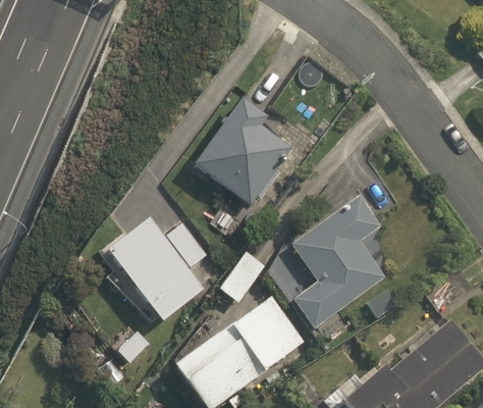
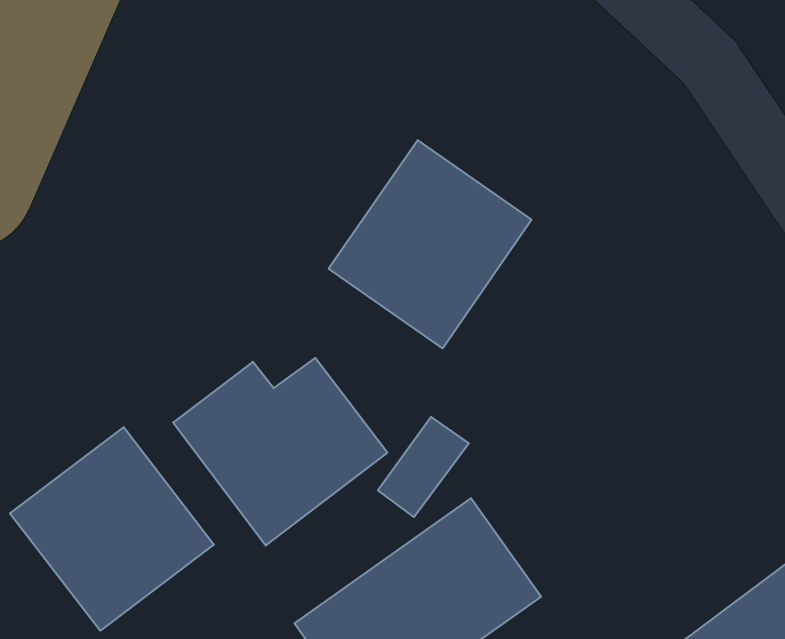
building: [294,193,392,327] -> none
building: none -> [10,427,214,631]

